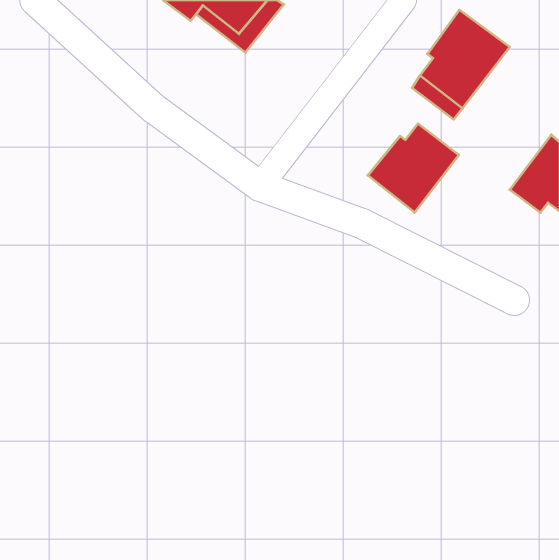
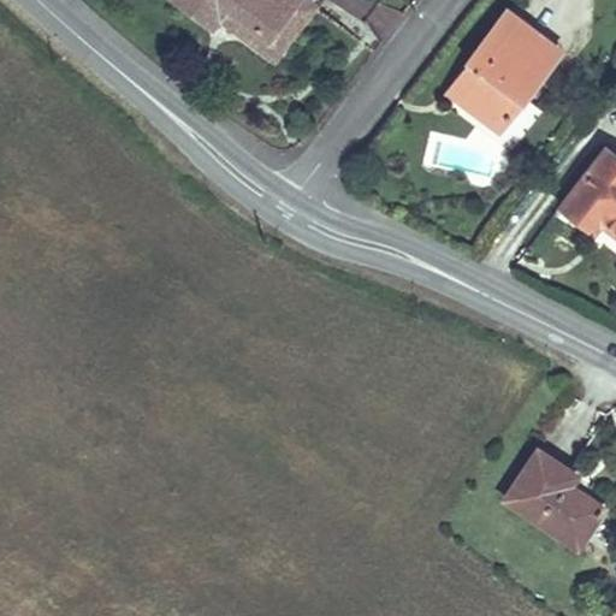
building: [368,124,459,213] -> none
building: none -> [503,450,602,546]

